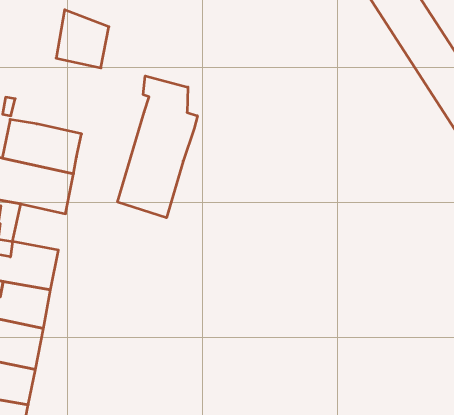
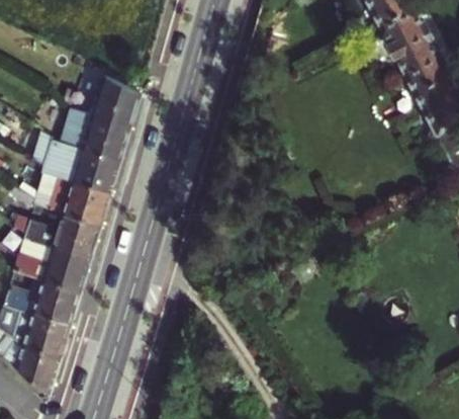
building: [56,10,109,68] -> [92,77,140,130]
building: [118,76,197,218] -> none
building: none -> [62,184,109,227]

